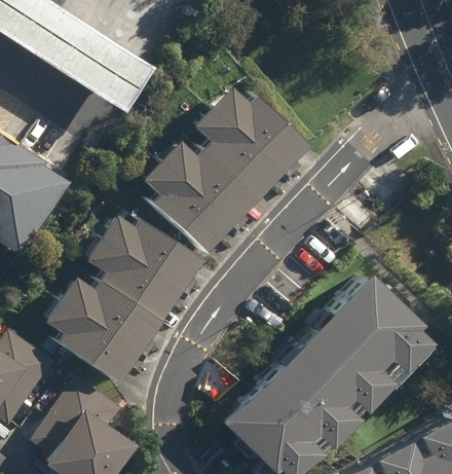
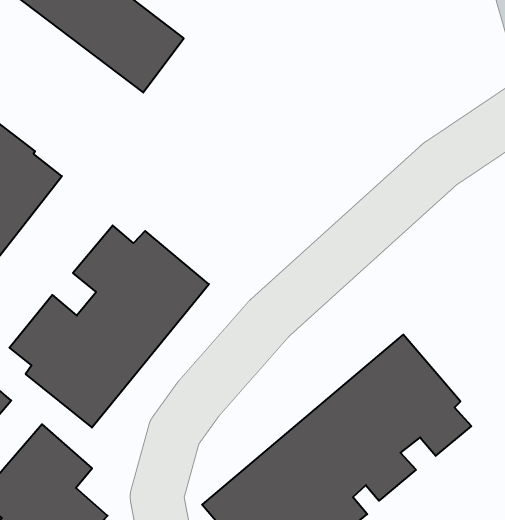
building: [145,92,304,249] -> none

